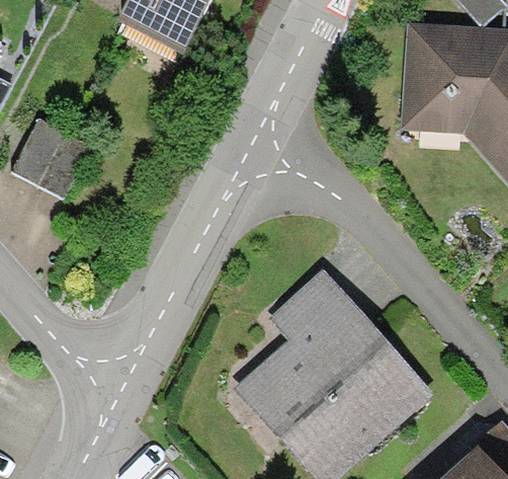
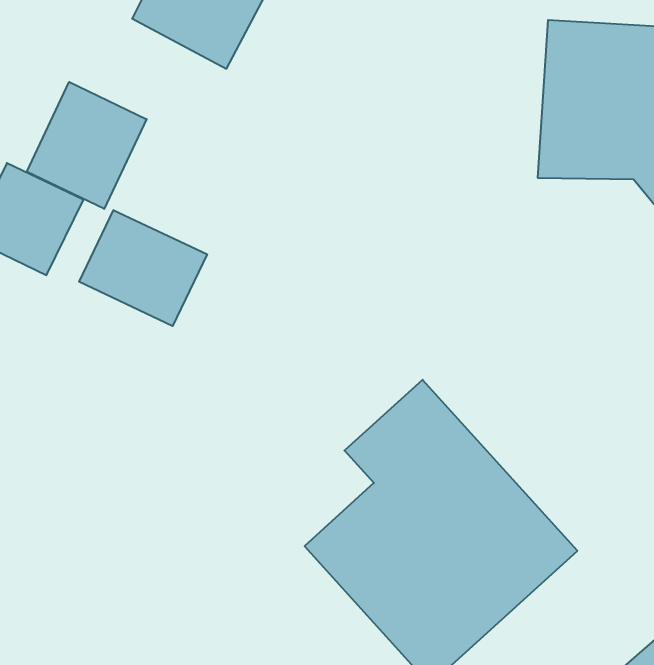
building: none -> [27,82,147,209]
building: none -> [79,210,207,326]

